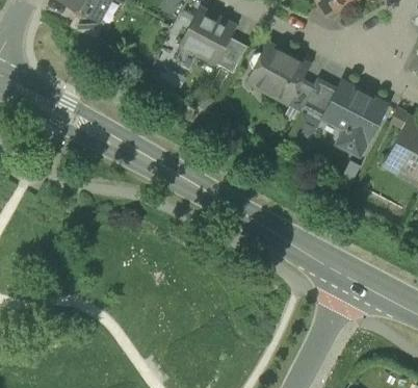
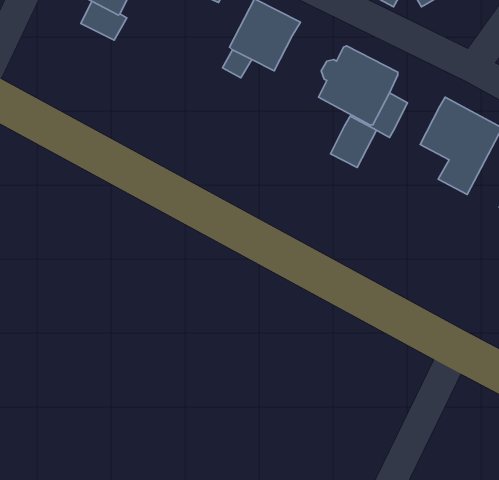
building: [214,36,246,72] -> none
building: [304,79,338,118] -> [331,116,376,168]

